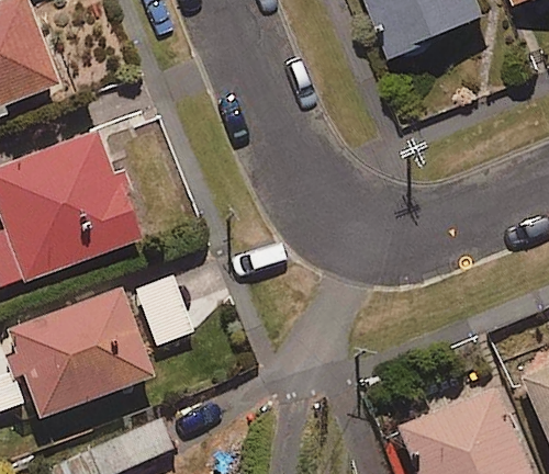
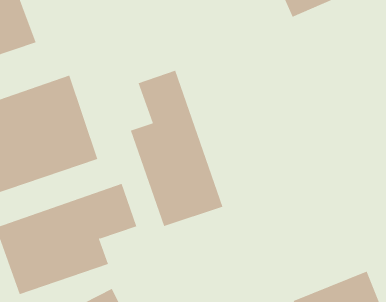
building: none -> [130,70,223,227]

